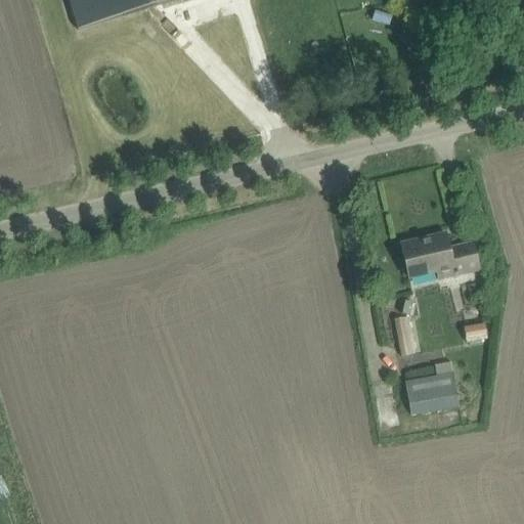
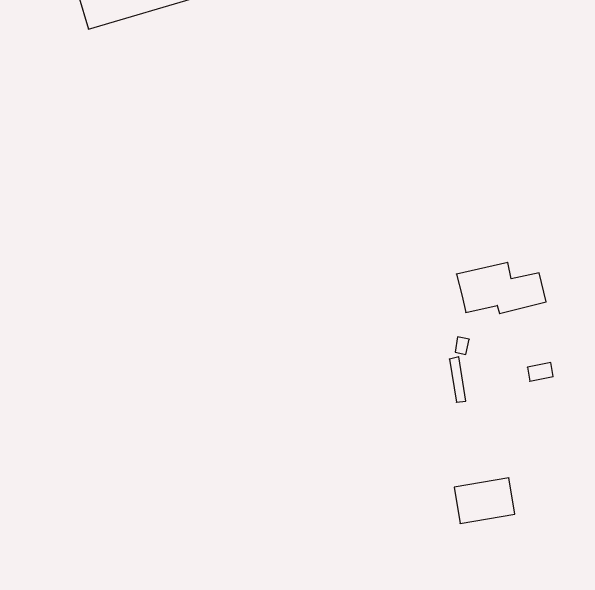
building: [406,370,460,410] -> [454,478,515,523]

